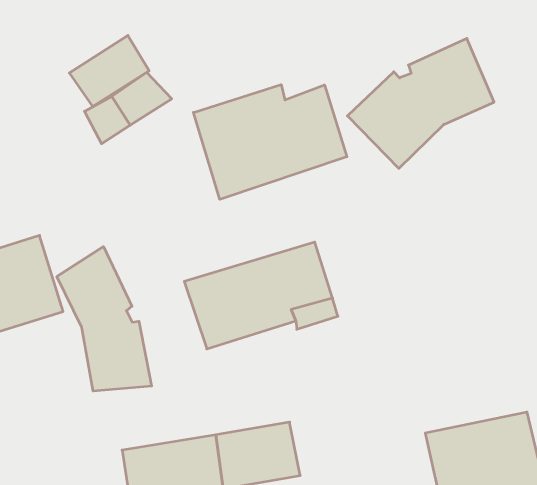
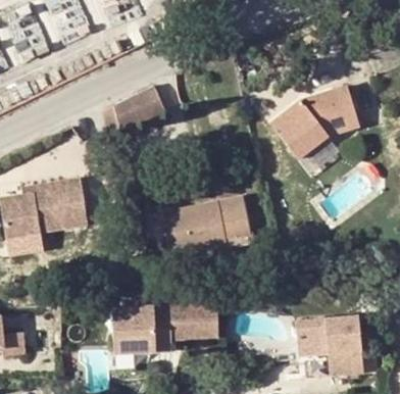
building: [69,35,149,107] -> none
building: [193,85,347,199] -> none
building: [57,247,152,391] -> none

